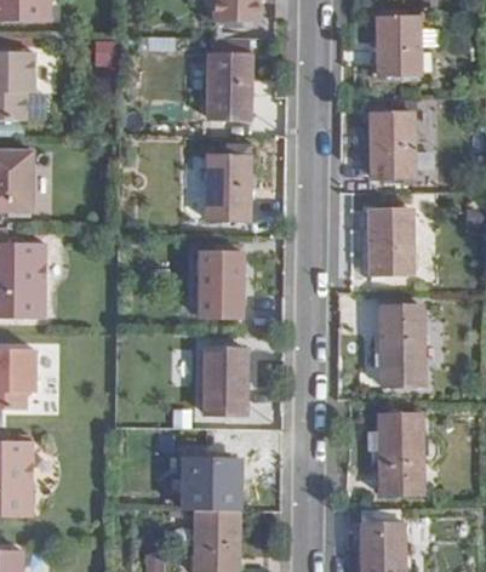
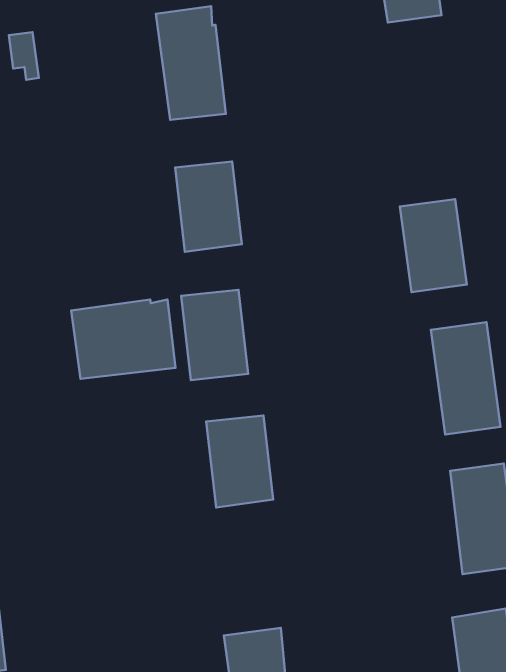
building: [374,110,417,175] -> none
building: none -> [71,299,175,379]
building: [171,456,240,513] -> none

